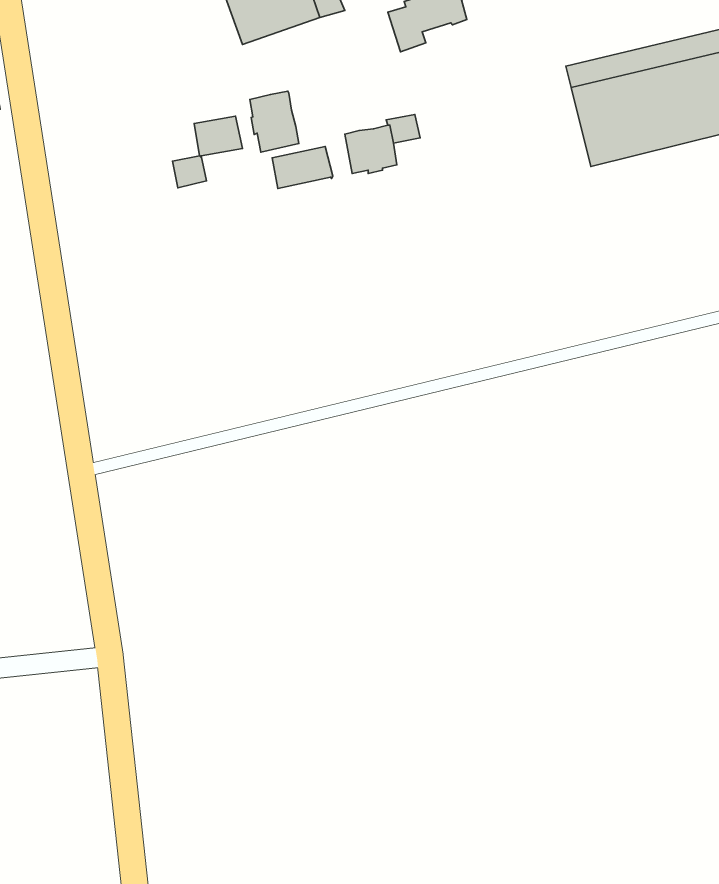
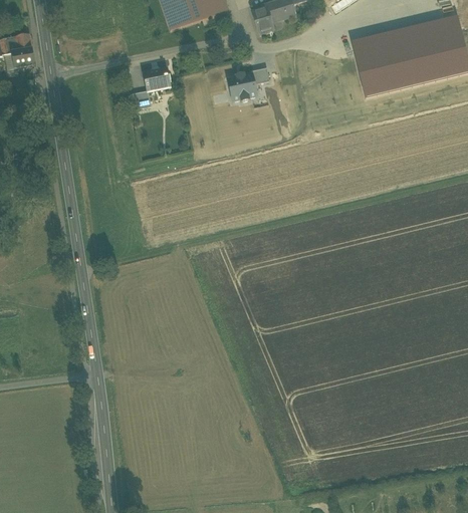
building: [250,91,299,152] -> none
building: [272,146,333,189] -> none

